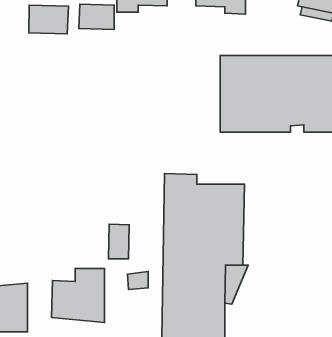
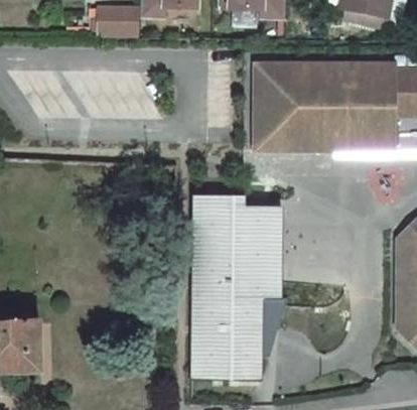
building: [29,5,68,34] -> none
building: [109,224,129,259] -> none
building: [51,269,105,322] -> none

